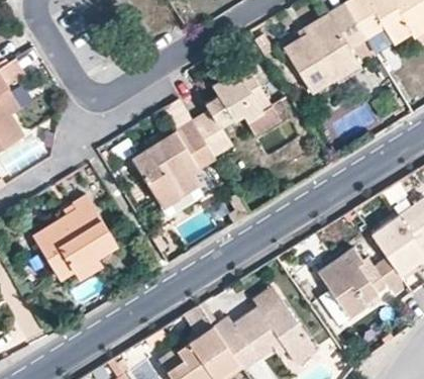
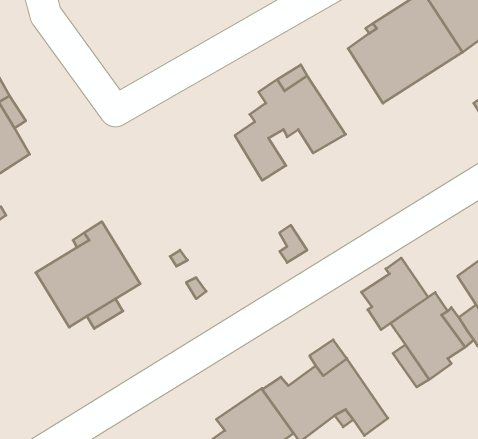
building: [131,120,219,217] -> none
building: none -> [361,258,428,330]

